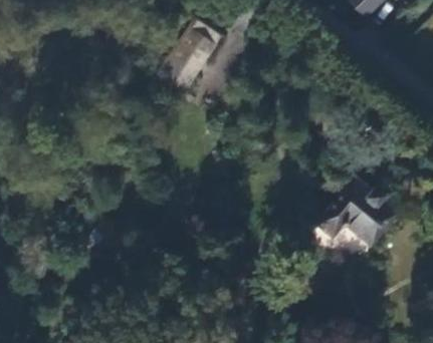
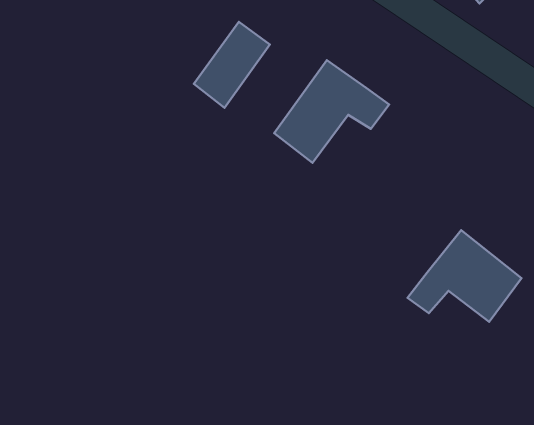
building: none -> [274,60,389,163]

